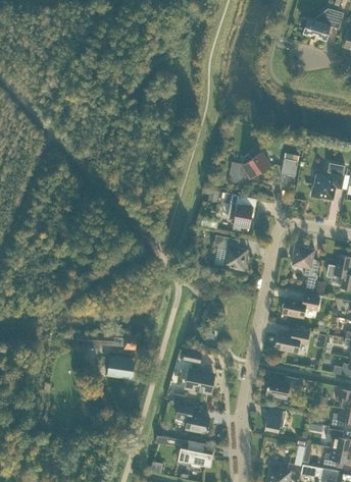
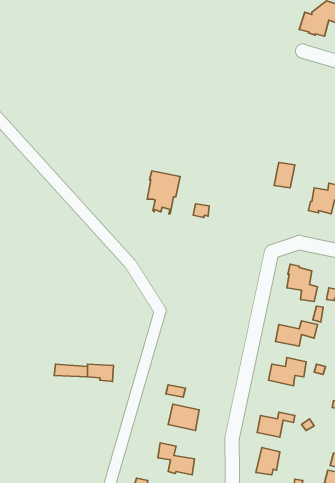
building: [240,152,270,178] -> none
building: [228,194,257,232] -> [147,171,180,214]
building: [213,234,247,271] -> none
building: [103,355,136,379] -> none

